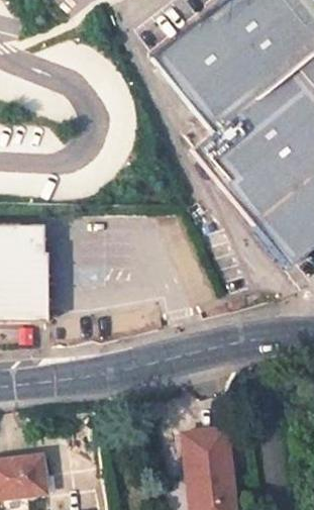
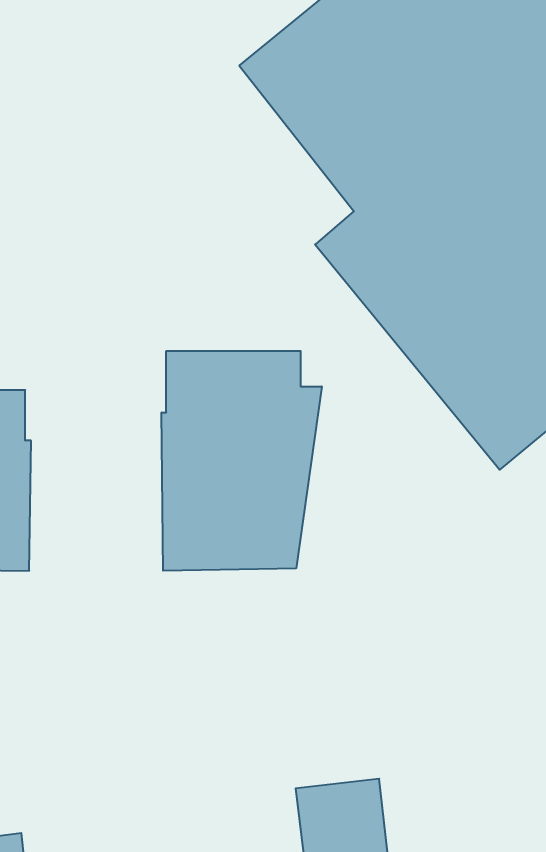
building: none -> [162,351,322,571]

